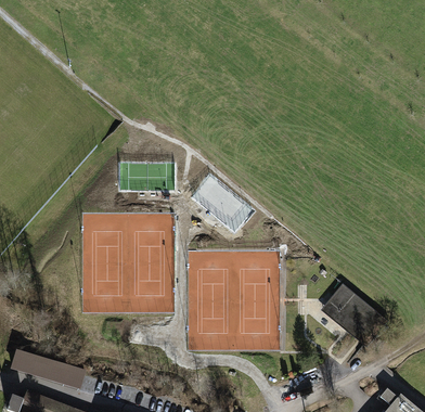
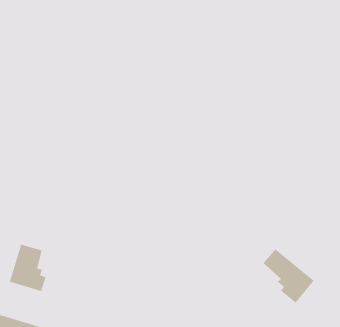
building: none -> [9,244,46,292]

